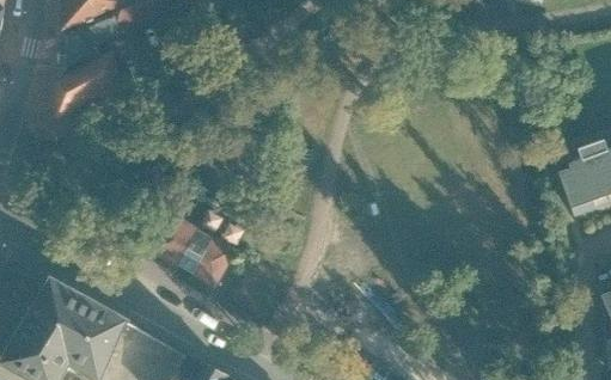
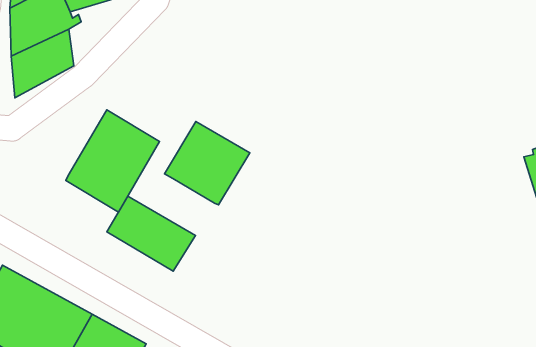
building: none -> [66,110,160,212]
building: none -> [164,122,250,205]

